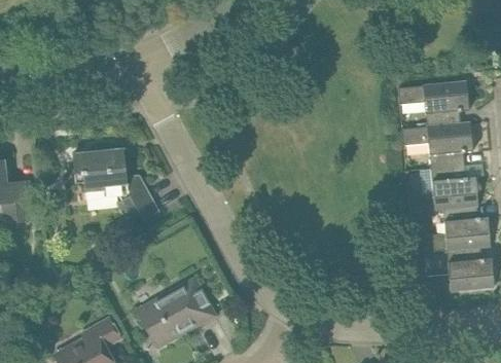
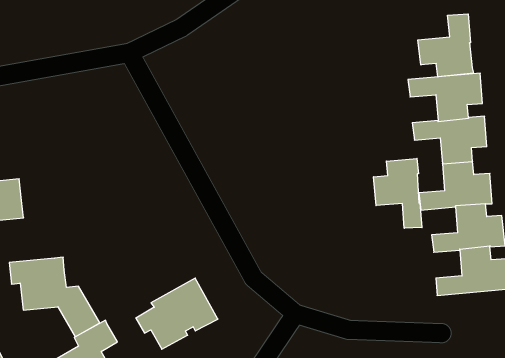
building: none -> [418,14,473,77]
building: [73,148,159,224] -> [9,257,100,337]
building: none -> [374,158,422,228]

